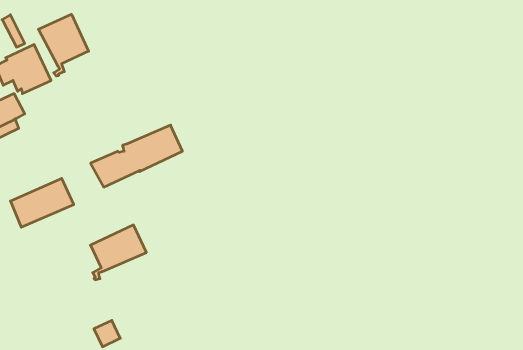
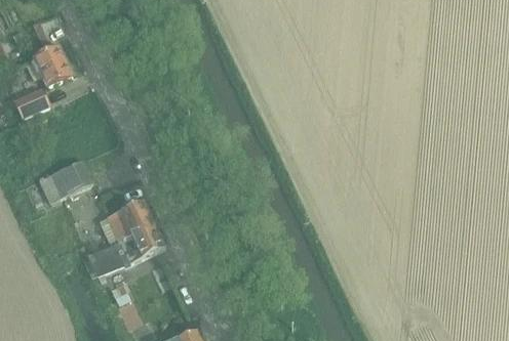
building: [38,14,89,76] -> none
building: [91,125,182,187] -> [85,222,164,275]

